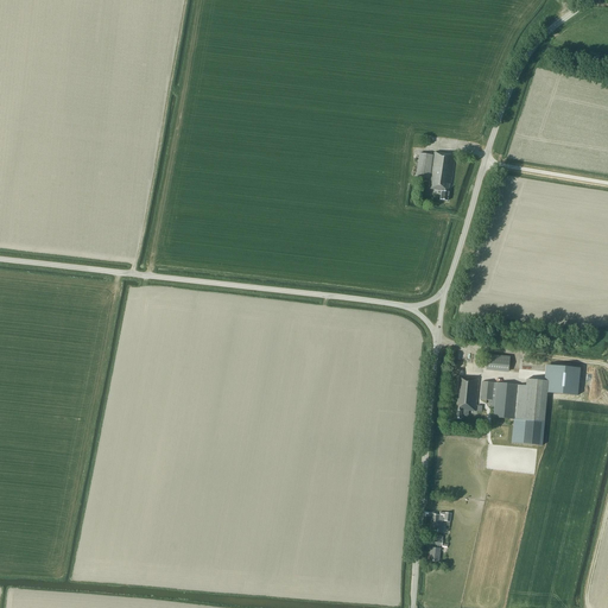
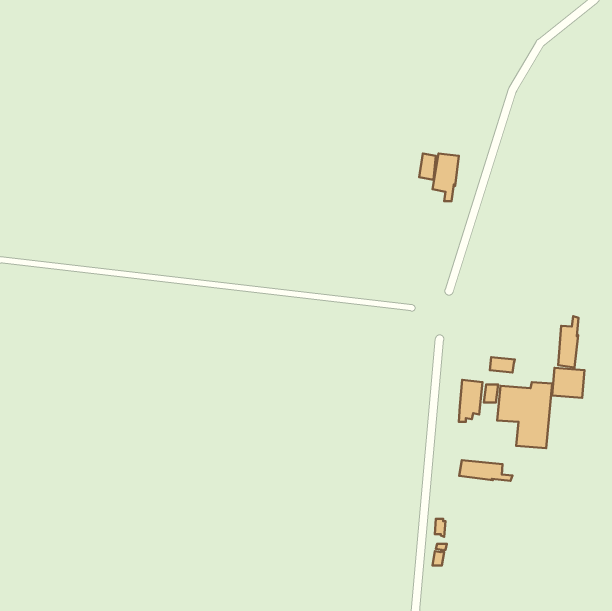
building: none -> [558,316,579,368]
building: none -> [459,460,512,481]

